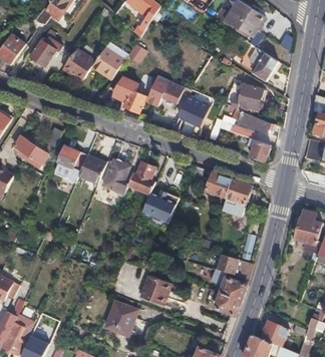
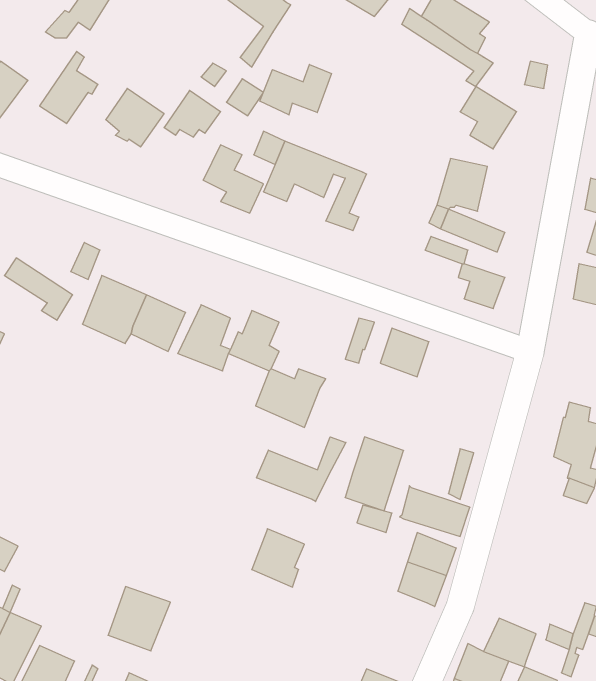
building: none -> [260,64,332,115]
building: [222,178,252,217] -> [345,437,404,511]
building: none -> [257,437,346,502]
building: [106,301,138,334] -> [108,587,170,651]

